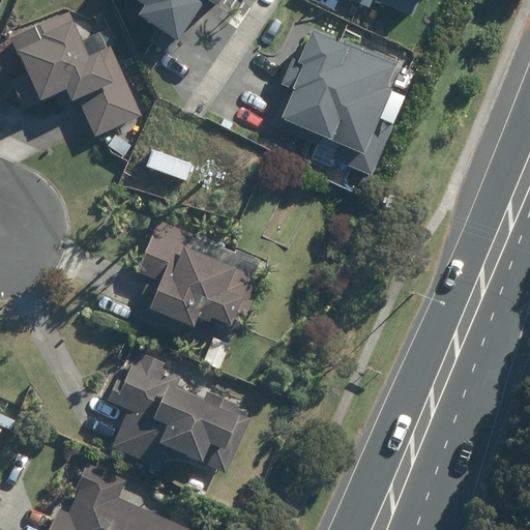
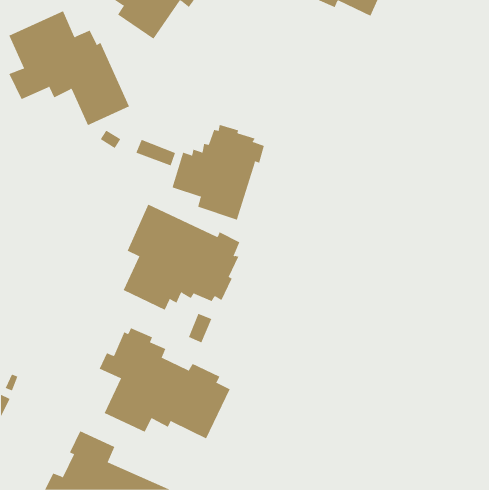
building: [273,32,385,174] -> none
building: none -> [172,124,265,220]

